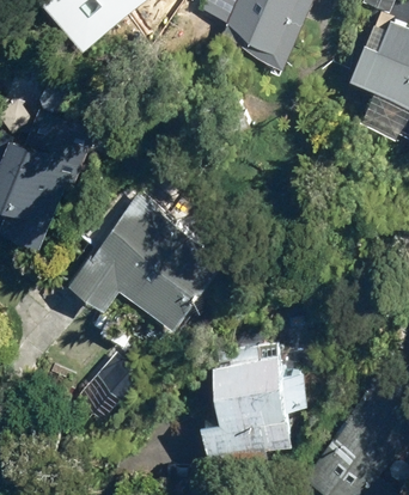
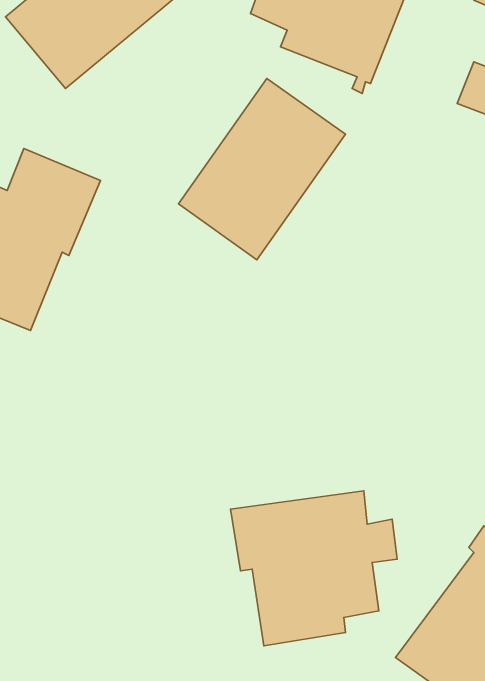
building: none -> [178,78,345,260]
building: [73,195,225,338] -> none

